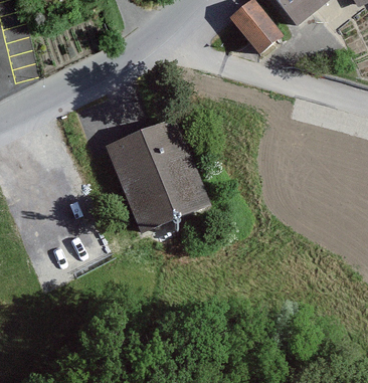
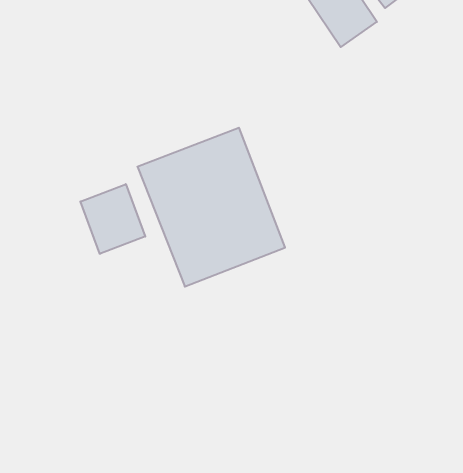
building: none -> [80,184,145,254]

